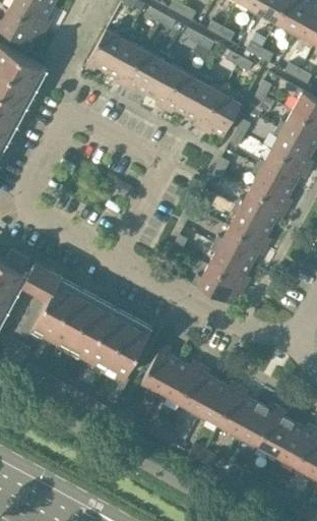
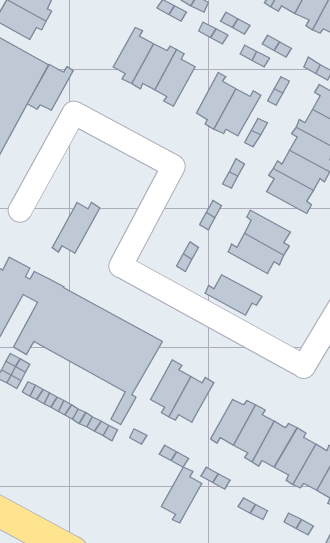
building: [85,30,128,72] -> [27,64,73,110]
building: [164,72,205,115] -> none
building: [235,188,288,226] -> none
building: none -> [52,202,100,253]
building: [208,244,251,286] -> none
building: [181,366,218,418] -> [161,467,202,523]

